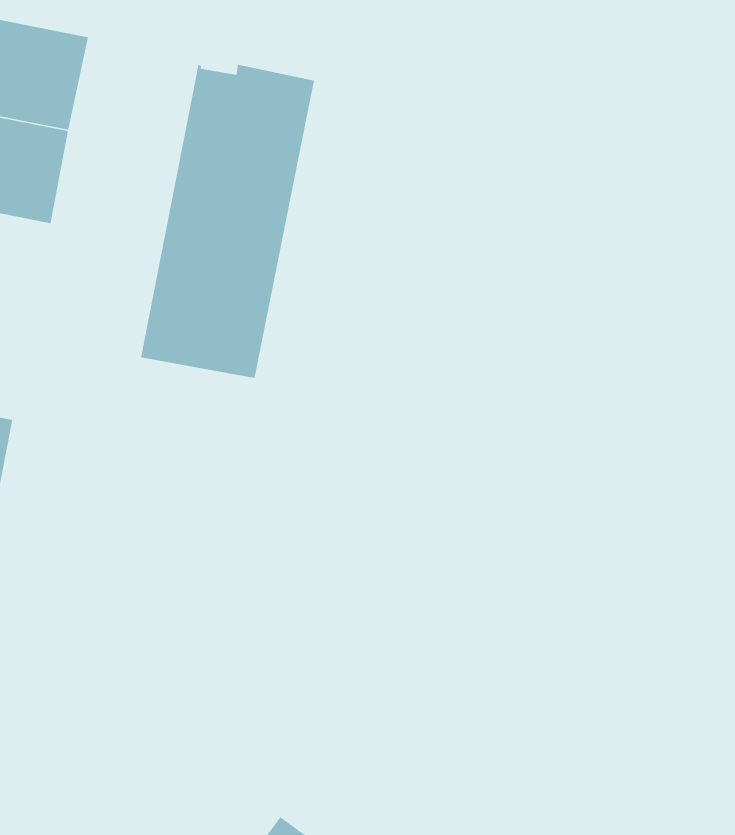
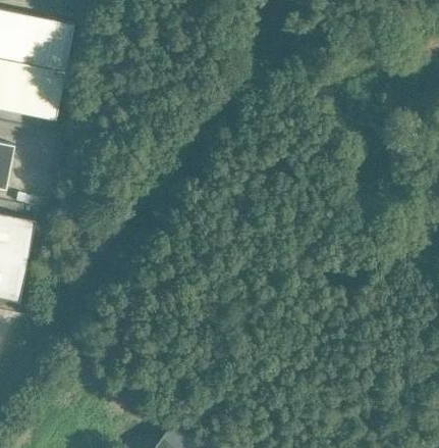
building: [140,64,315,379] -> none

